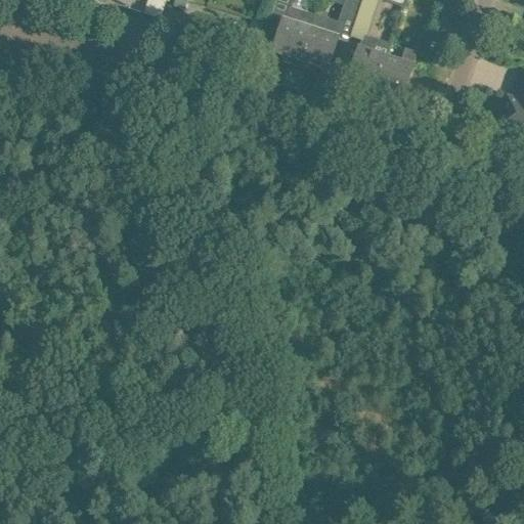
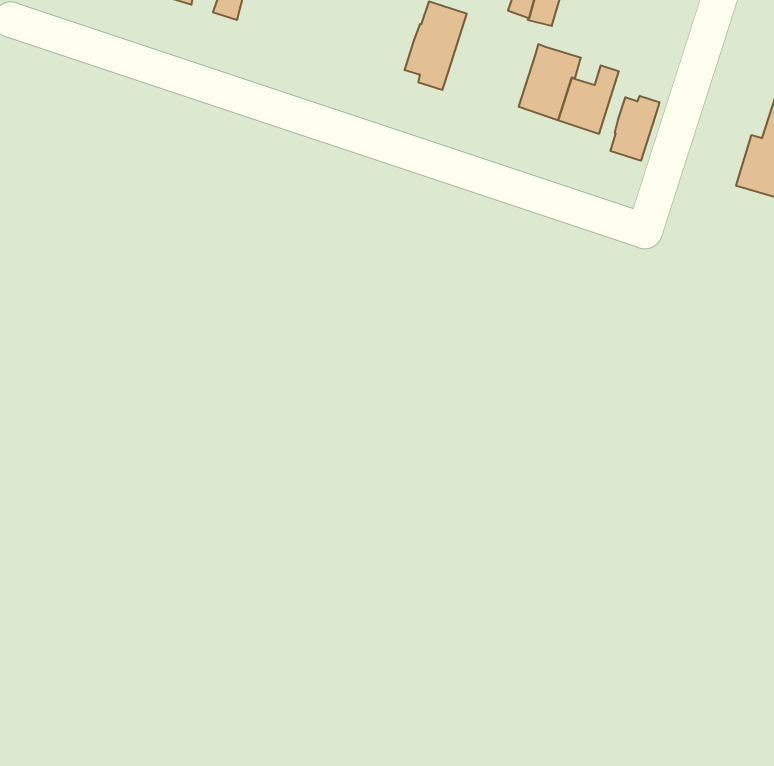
building: [300,9,343,66] -> none
building: none -> [610,96,659,161]

